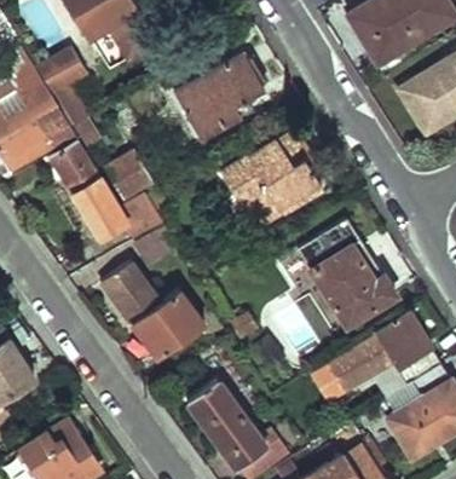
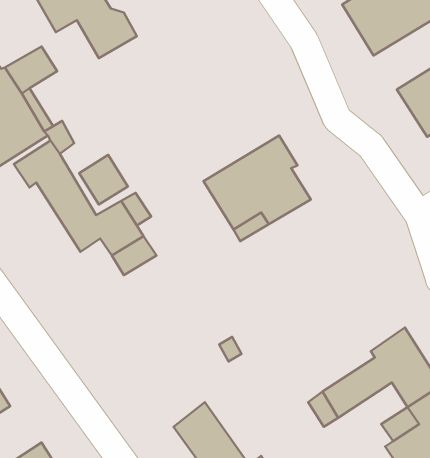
building: [172,53,261,139] -> none
building: [296,220,394,329] -> none
building: [105,264,198,359] -> none

